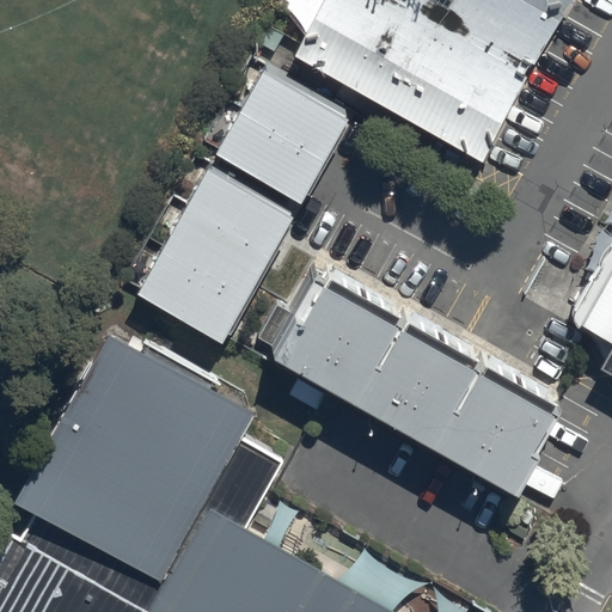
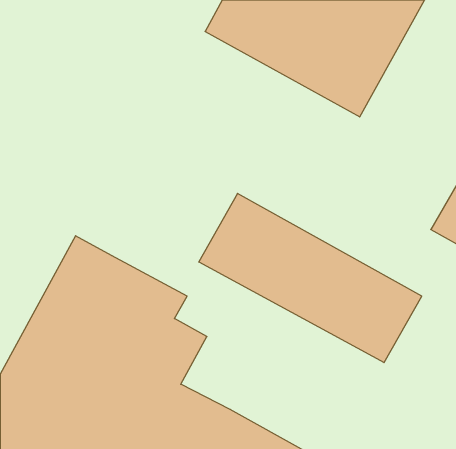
building: [204,68,349,201] -> none
building: [136,167,293,343] -> none

